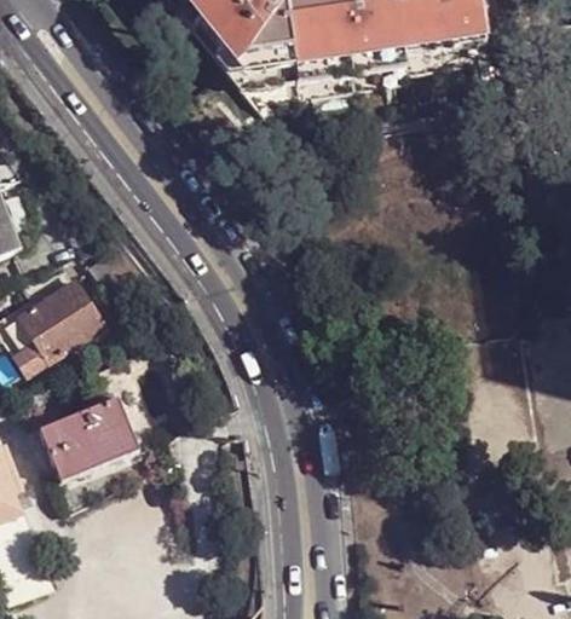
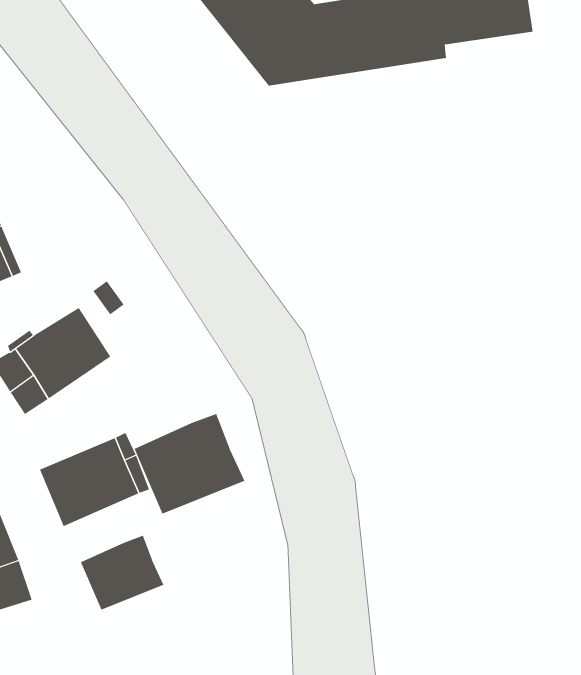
building: none -> [134,413,245,515]
building: none -> [80,535,164,610]

